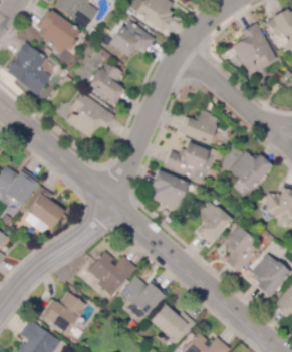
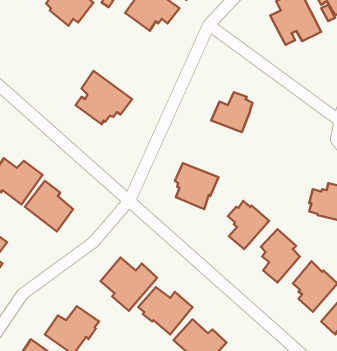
building: [6,43,50,95] -> none
building: [89,64,124,103] -> none
building: [165,142,208,178] -> none
building: [229,151,271,191] -> none

